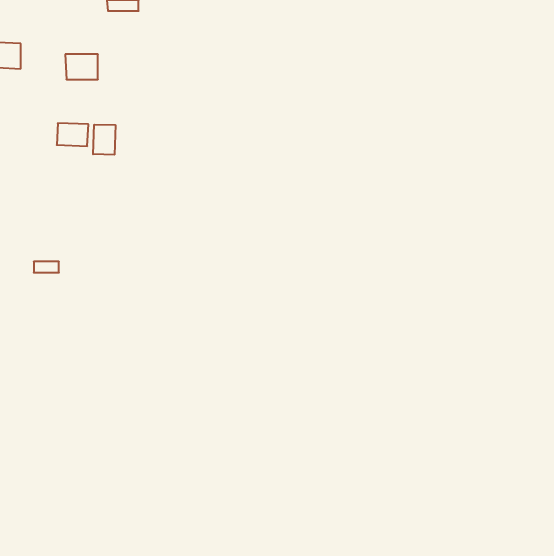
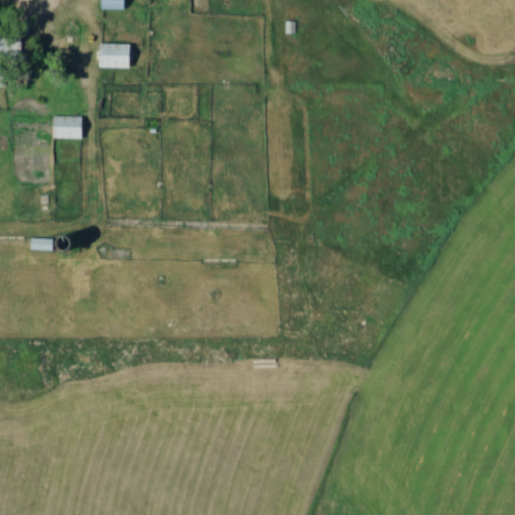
building: [65,54,98,79] -> [100,43,130,66]
building: [93,125,115,155] -> none

